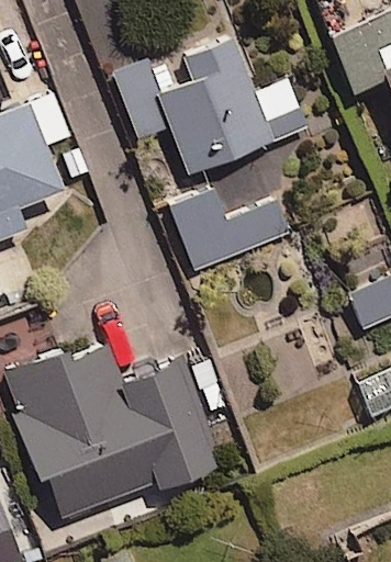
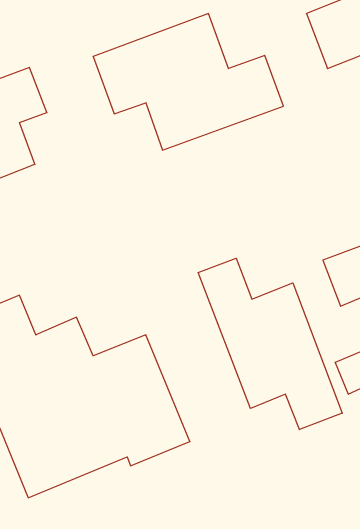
building: [174,169,293,272] -> none
building: none -> [198,258,342,430]

